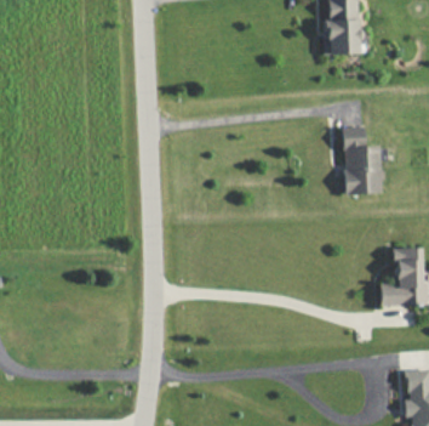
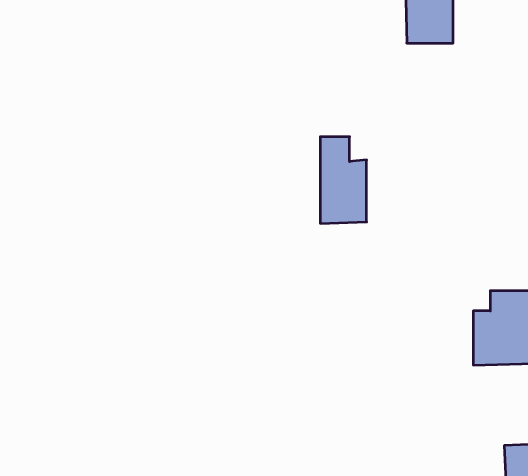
building: [347,126,383,194] -> [320,137,367,223]

